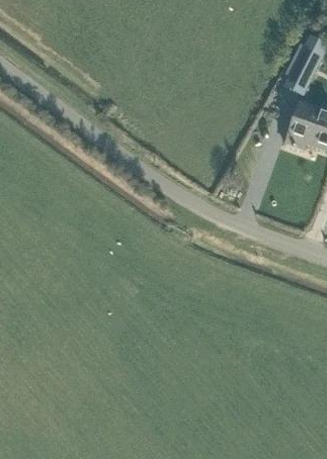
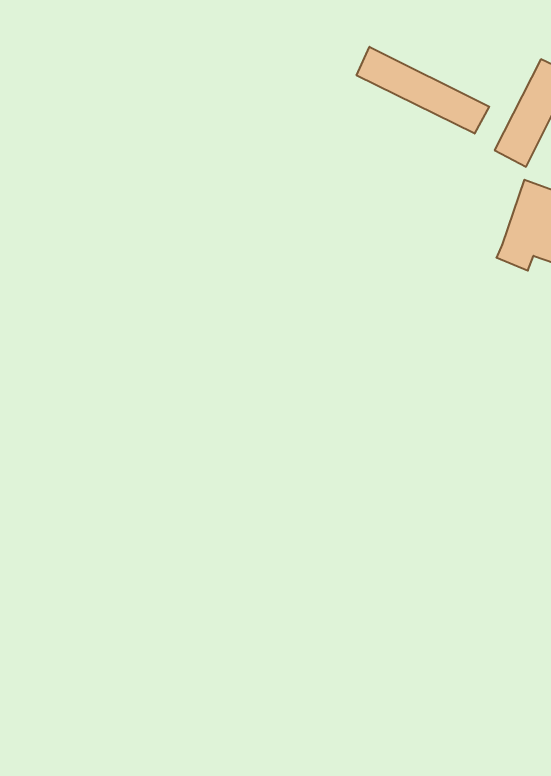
building: none -> [357,47,489,134]

